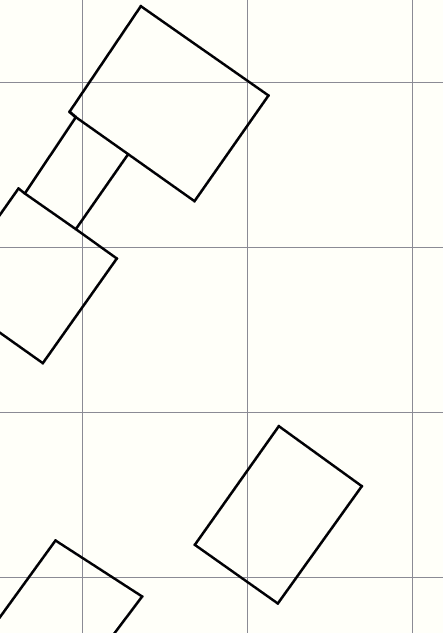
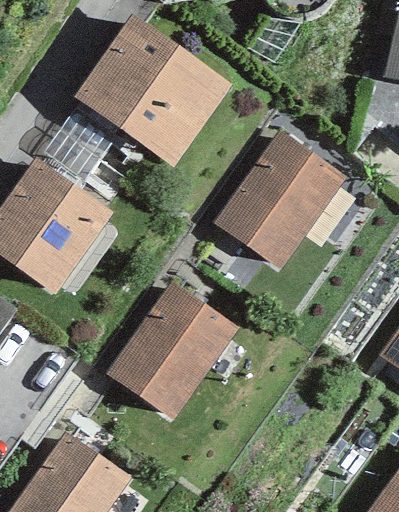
building: none -> [213,130,347,270]
building: [195,426,362,603] -> [107,281,238,420]

